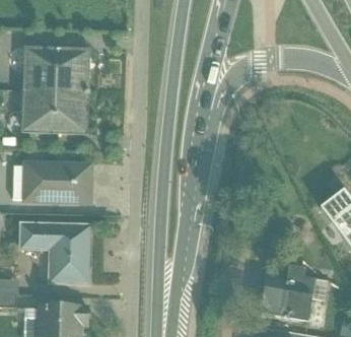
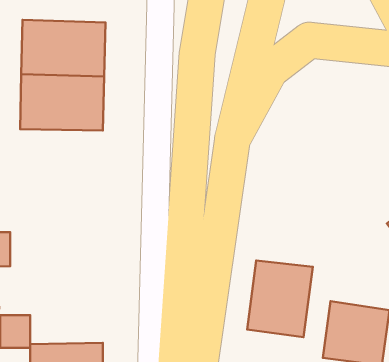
building: [18,160,89,199] -> none
building: [15,219,91,281] -> none
building: none -> [247,260,313,337]

